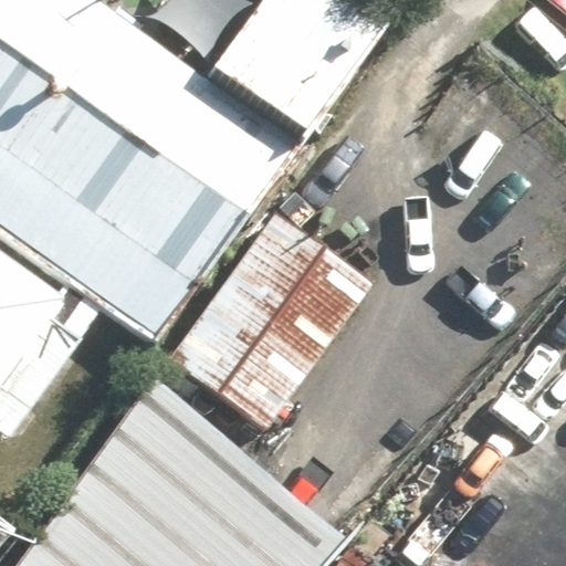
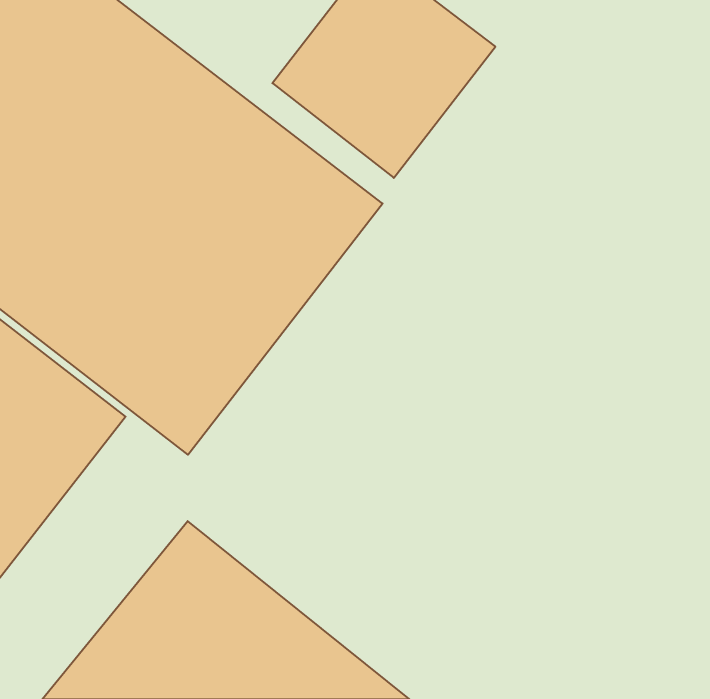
building: [149,231,356,446] -> none

